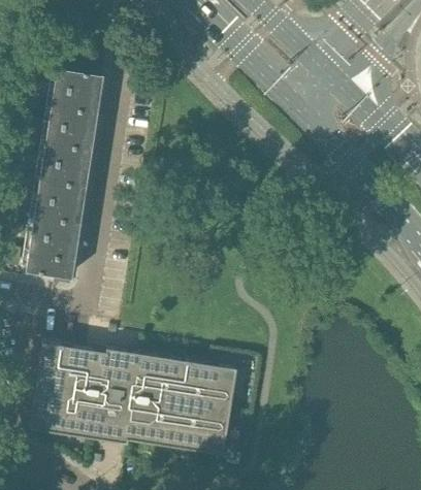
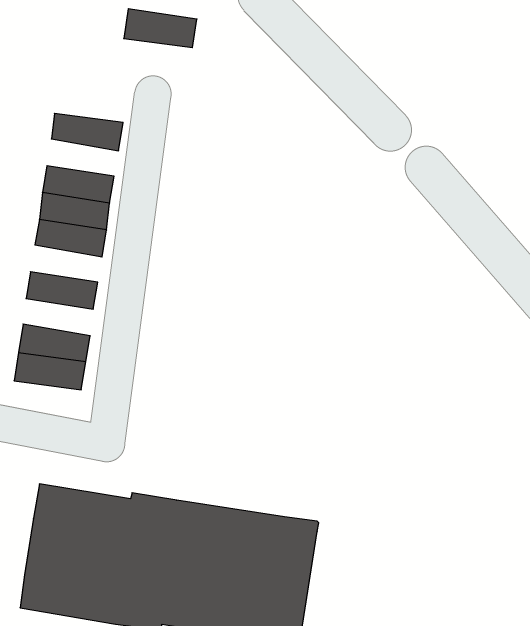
building: [53,66,103,93] -> [124,9,197,48]
building: [47,104,97,130] -> none
building: [36,177,86,203] -> none
building: [31,215,79,240] -> none

